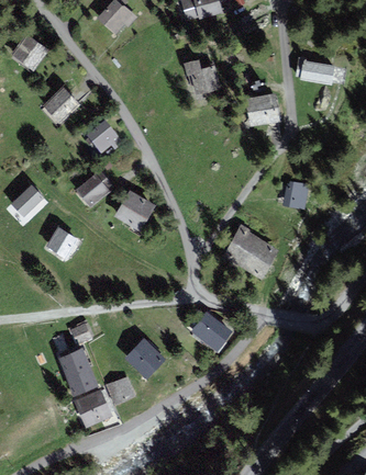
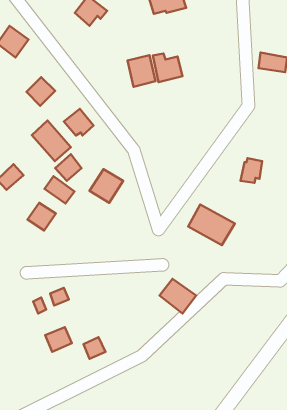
building: none -> [127,55,156,87]
building: [246,94,276,124] -> none
building: none -> [32,120,71,161]
building: none -> [45,176,74,203]
building: [125,339,166,378] -> none
building: [57,348,87,375] -> none
building: [75,391,109,425] -> none

